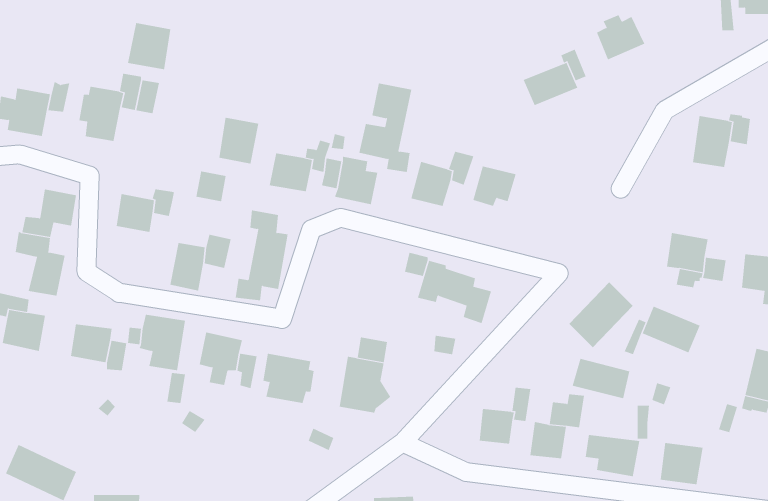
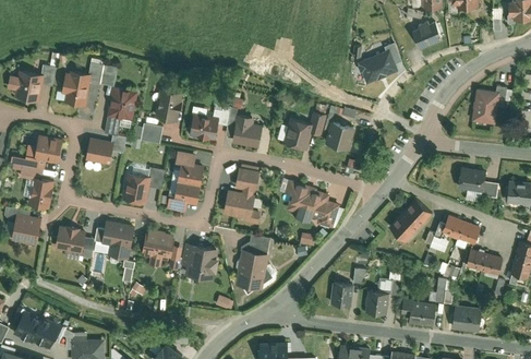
building: [127,23,171,70] -> [109,86,138,118]
building: [359,83,412,172] -> [226,164,262,224]
building: [572,358,630,399] -> [462,248,502,275]

